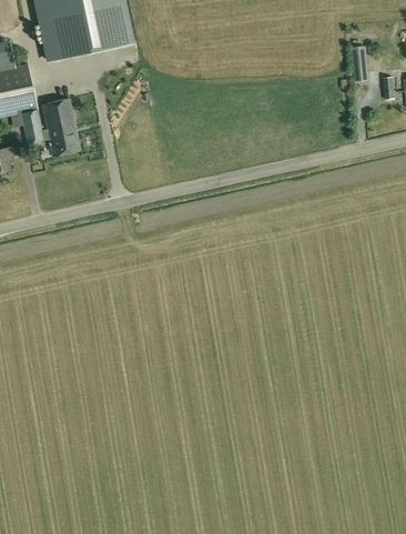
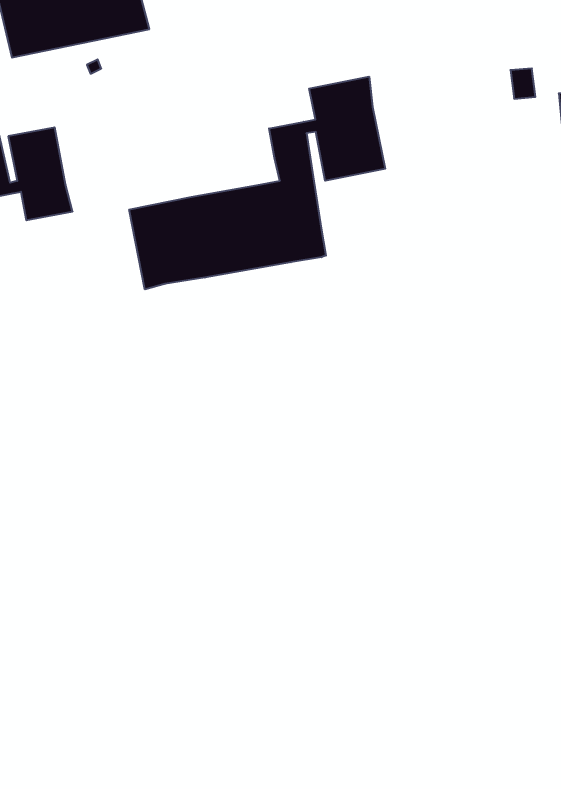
building: none -> [129,77,385,289]

